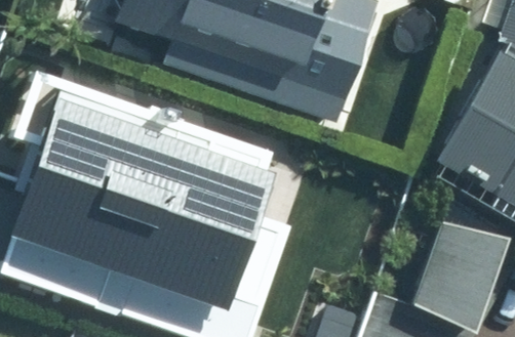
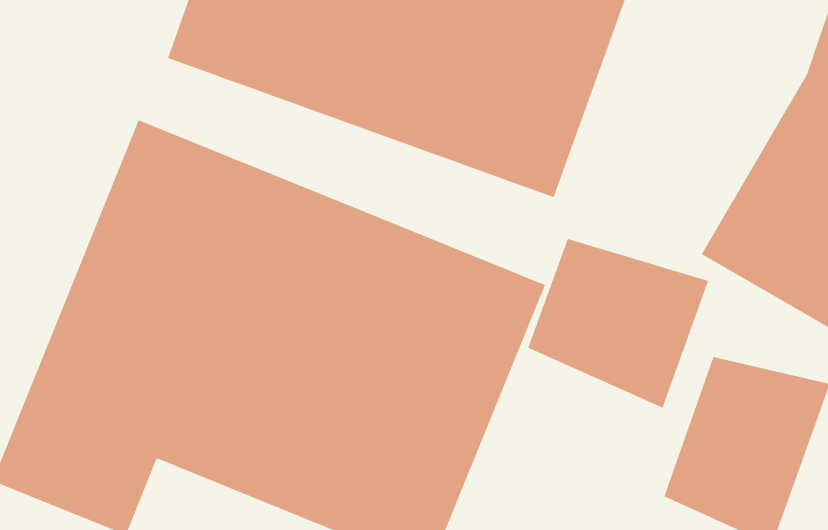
building: none -> [528,238,709,408]

